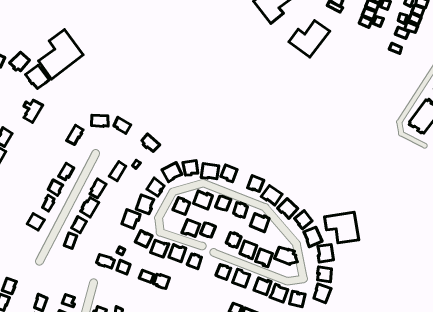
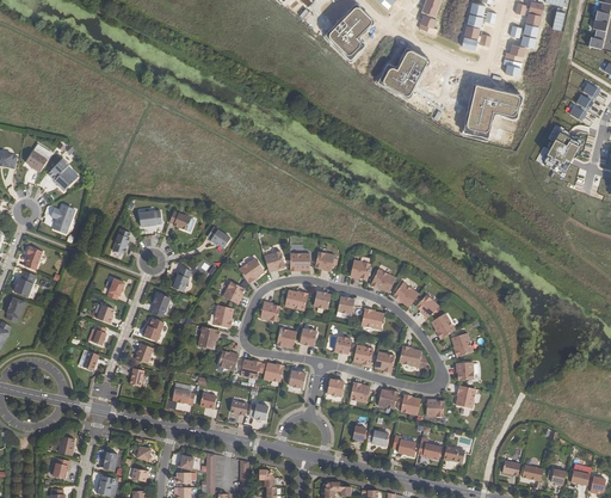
building: [38,29,83,79] -> none
building: none -> [462,86,520,139]
building: [325,212,359,243] -> none

